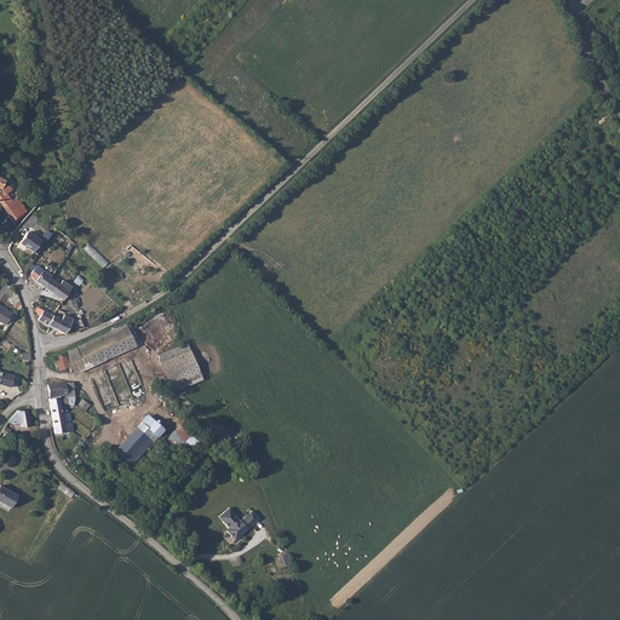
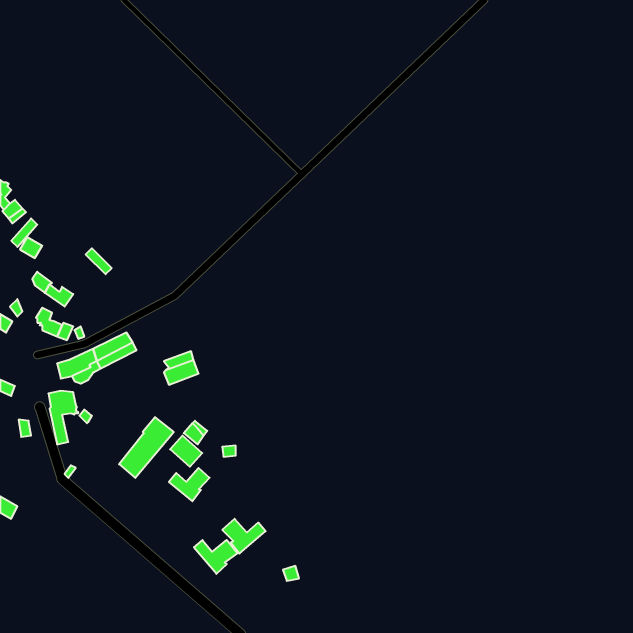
building: none -> [169,468,210,501]
building: none -> [194,540,237,574]

